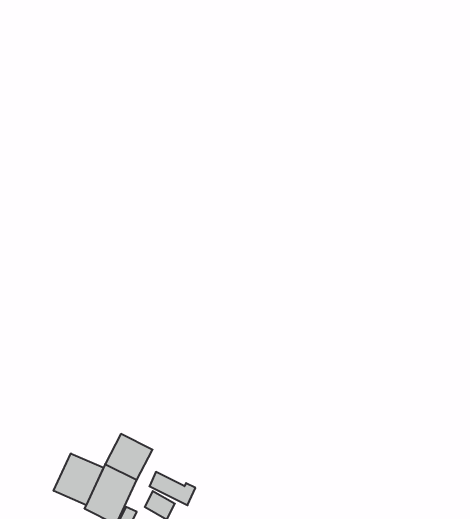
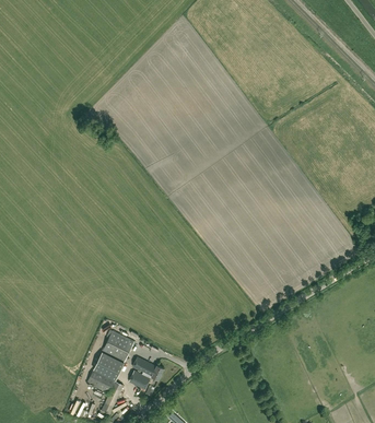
building: [54,453,103,505] -> none

